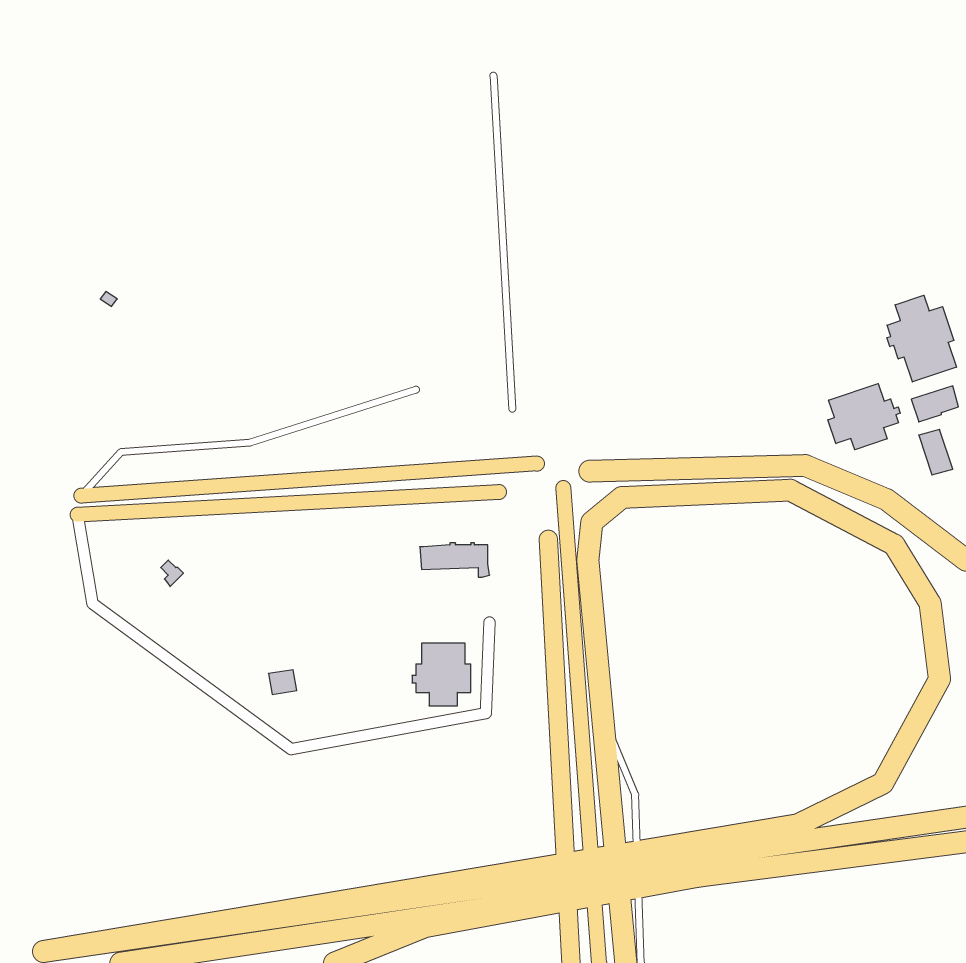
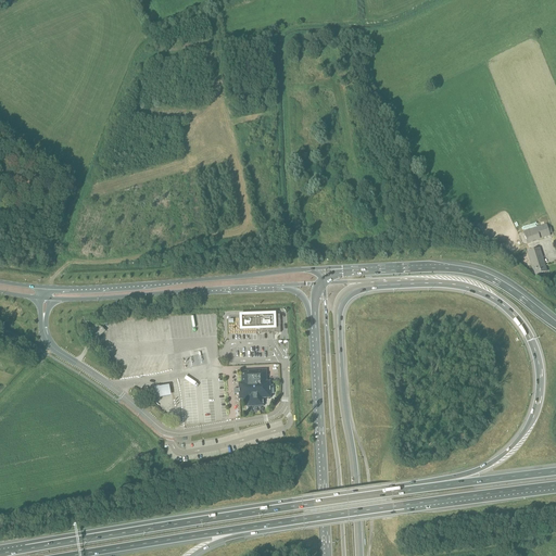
building: [887,295,956,382] -> none
building: [828,384,900,450] -> none

